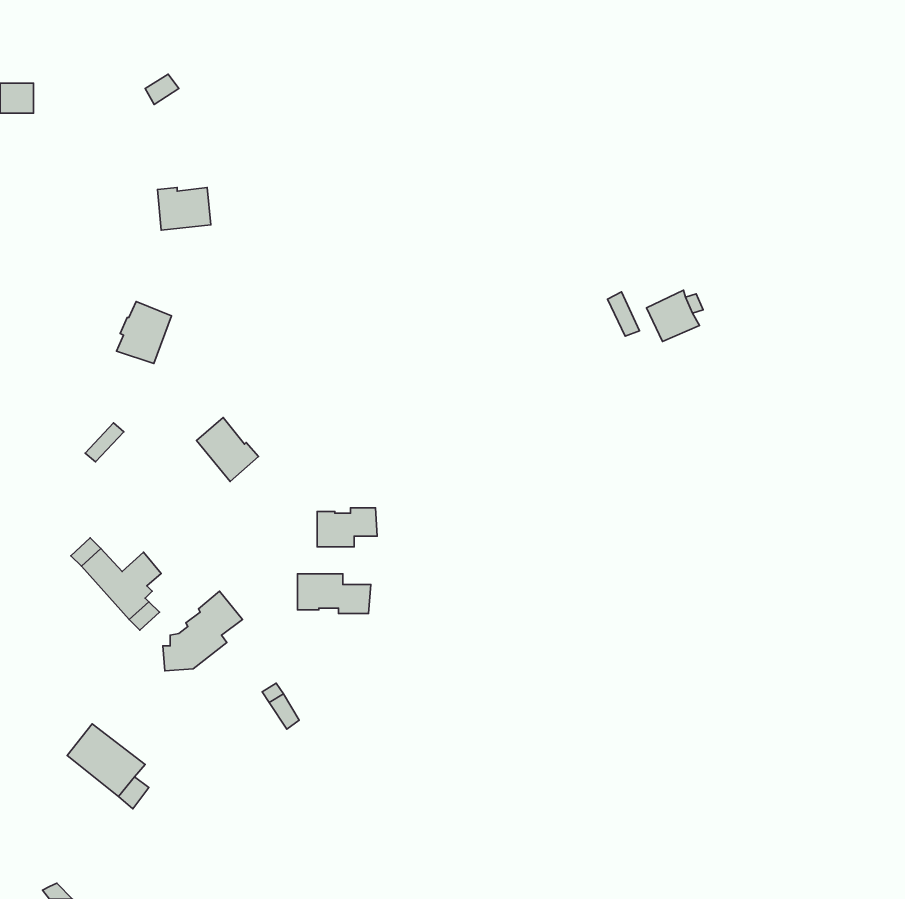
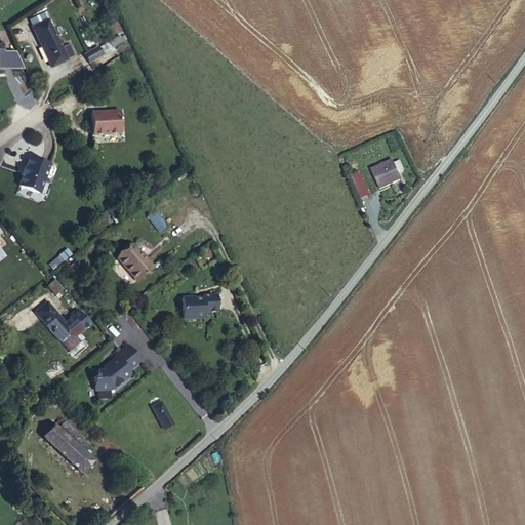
building: none -> [36,18,72,66]
building: [117,302,171,364] -> [18,155,50,191]
building: [297,574,371,614] -> none

